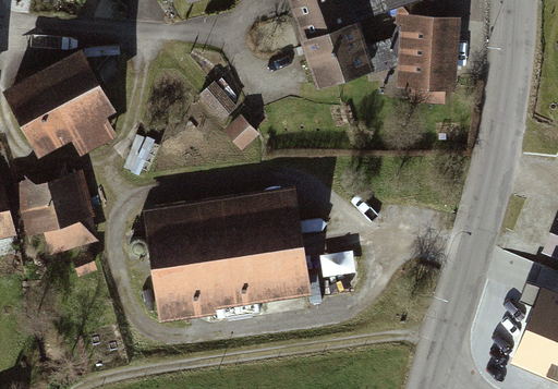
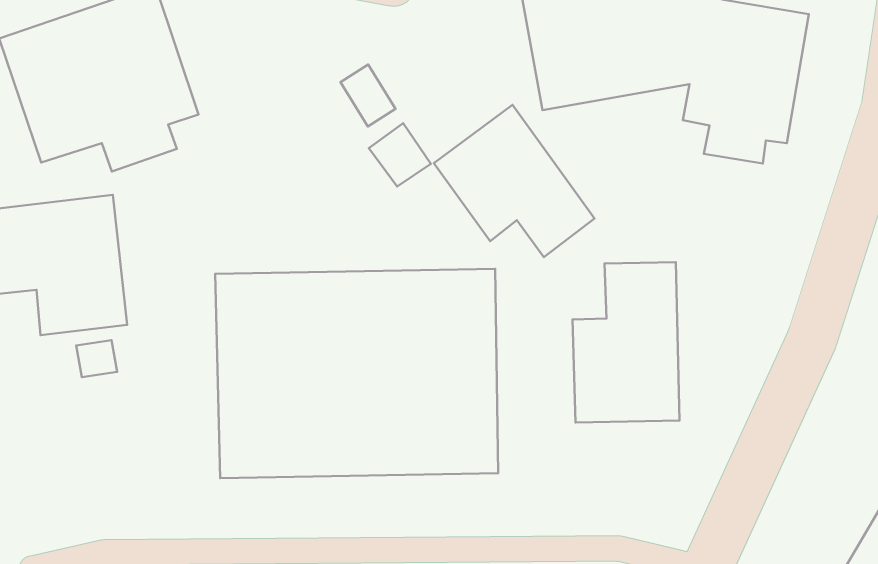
building: none -> [434,105,595,257]
building: none -> [573,262,679,422]

